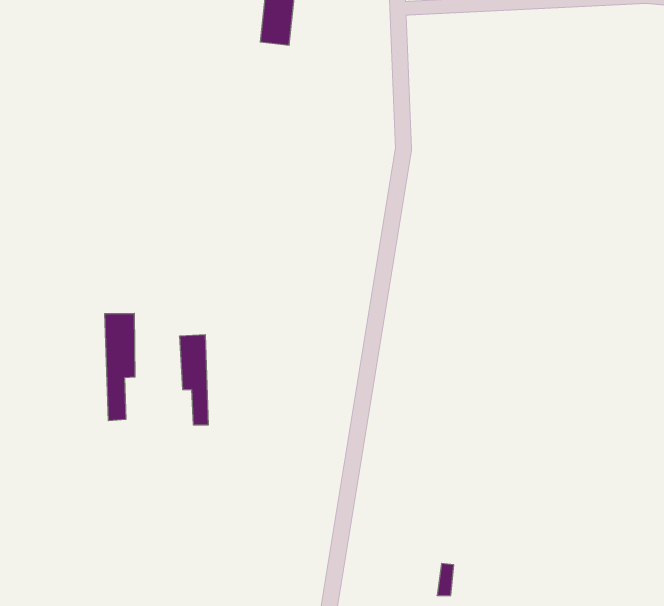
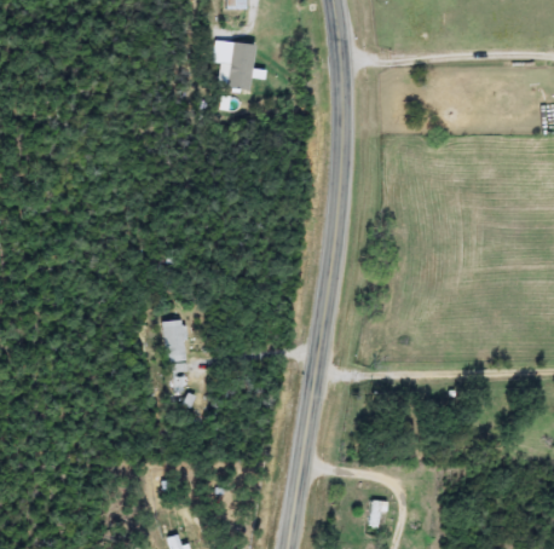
building: [105,313,135,421] -> none

